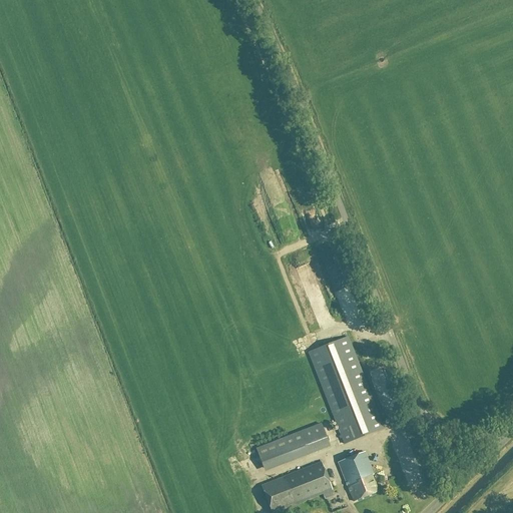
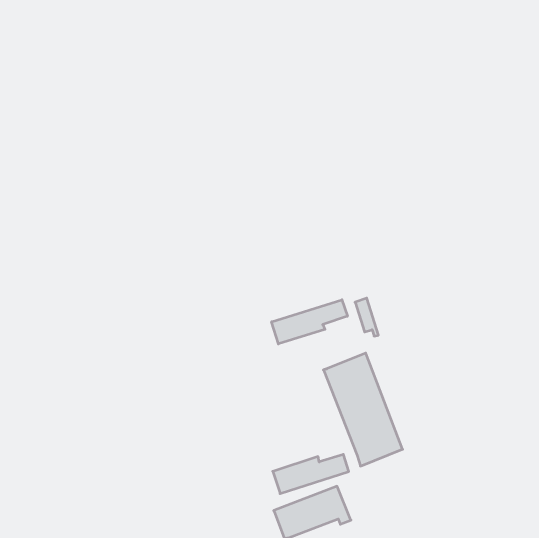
building: none -> [272,300,347,344]
building: [336,450,377,500] -> none

